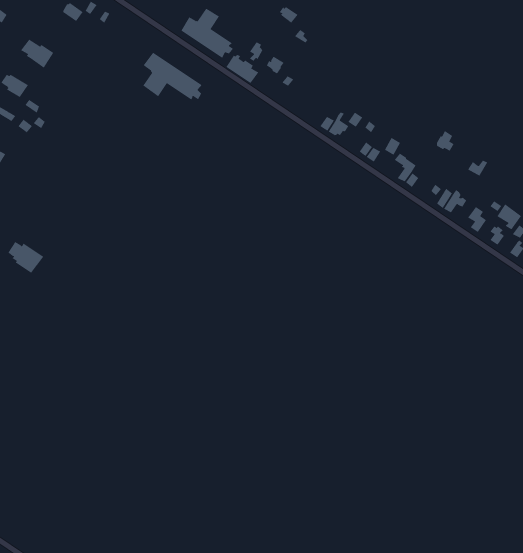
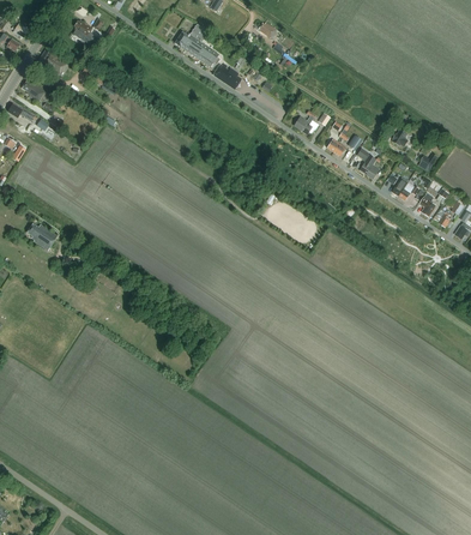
building: [143,52,203,101] -> none

